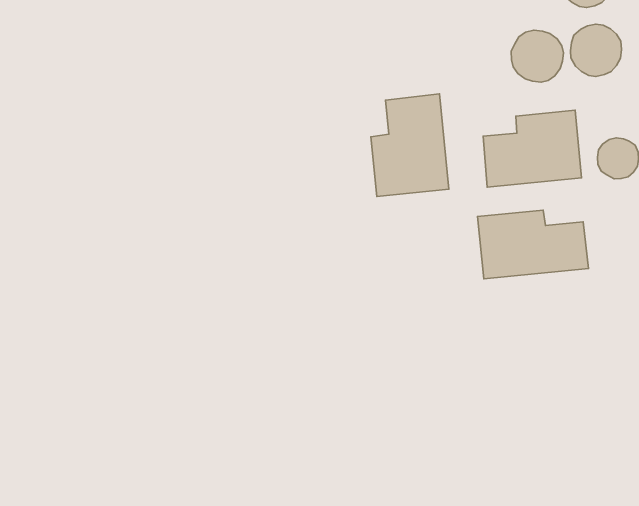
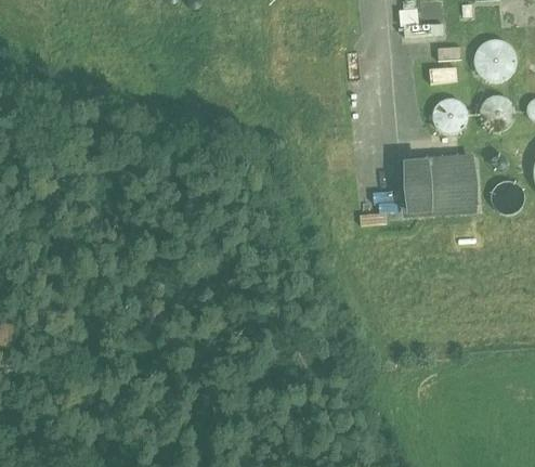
building: [371,94,449,197] -> none
building: [478,210,589,279] -> none

